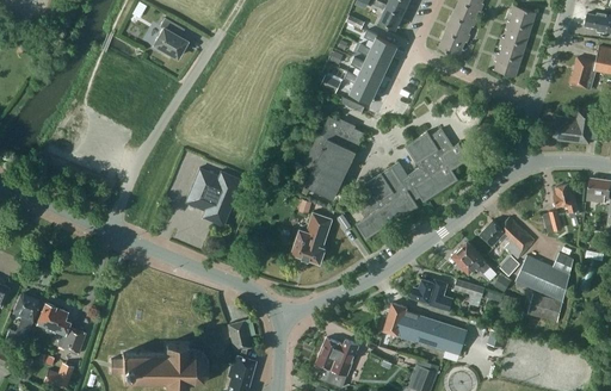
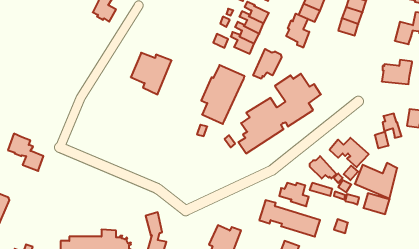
building: none -> [286,14,309,48]
building: none -> [253,49,282,79]
building: [185,168,241,225] -> [131,53,172,94]
building: [290,212,332,263] -> none
building: [36,302,85,353] -> [8,134,43,171]

